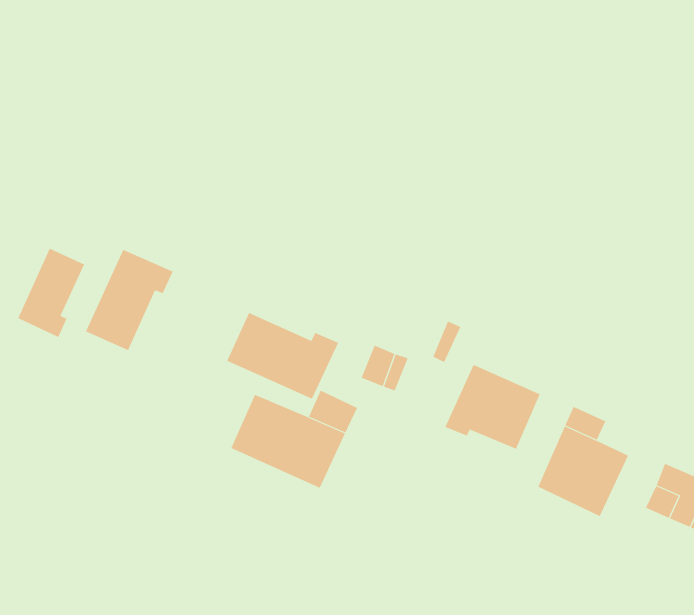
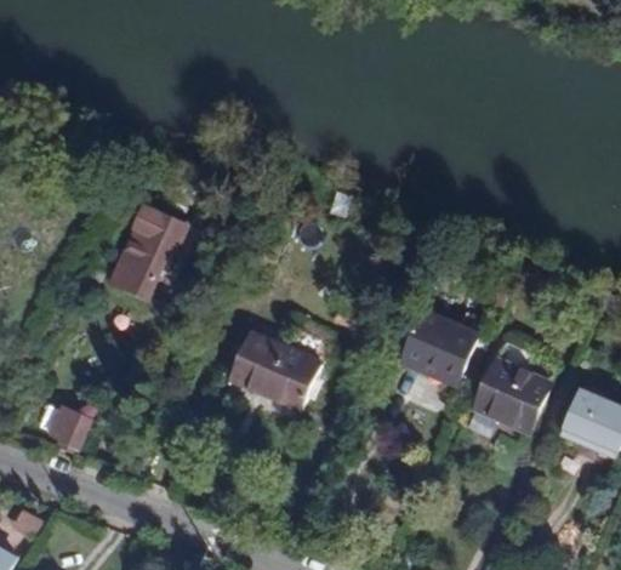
building: [17,248,85,338] -> none
building: [227,312,339,400] -> none
building: none -> [49,410,92,456]

